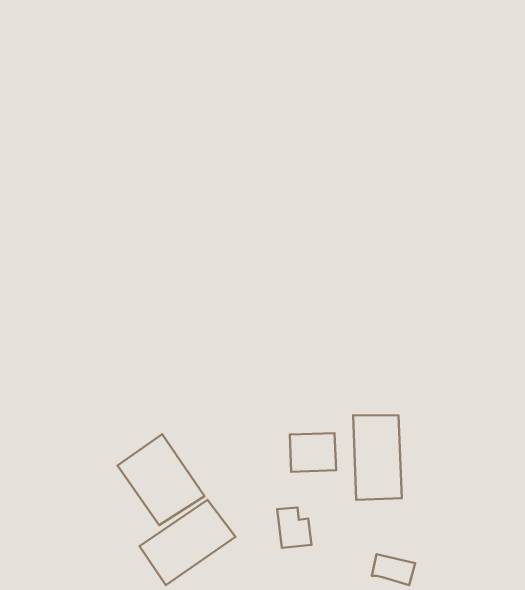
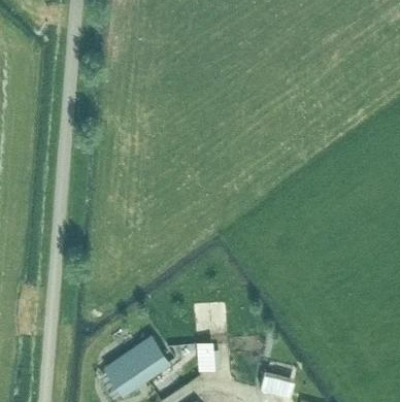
building: [353,415,402,500] -> none
building: [117,434,205,525] -> none

